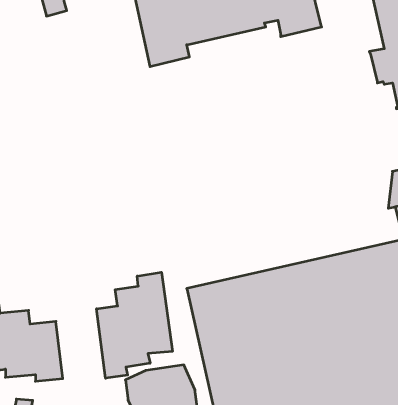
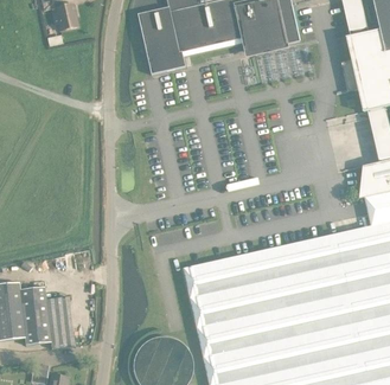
building: [97,272,172,378] -> none

